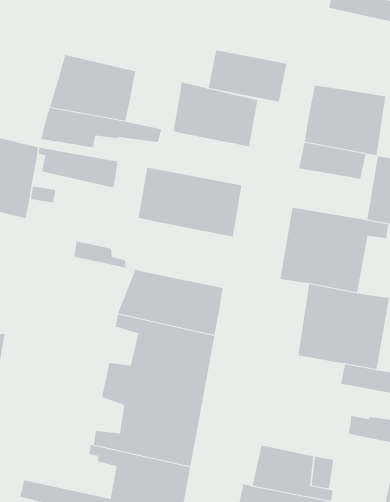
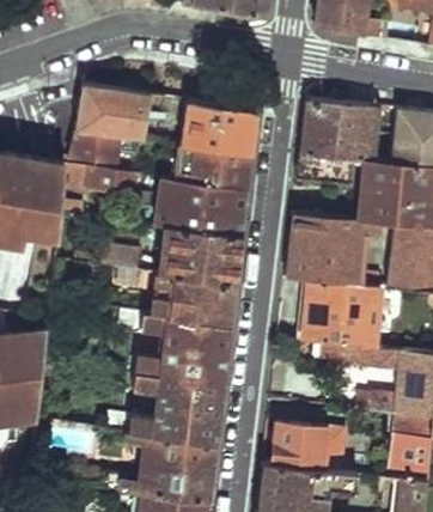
building: [208,50,287,102] -> [183,148,252,191]
building: none -> [167,228,243,284]

